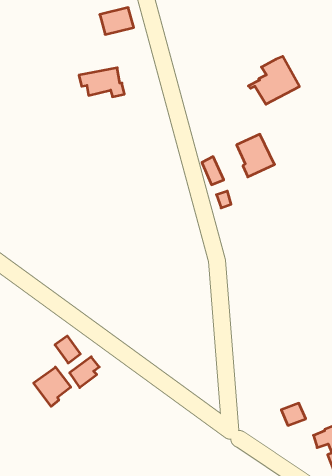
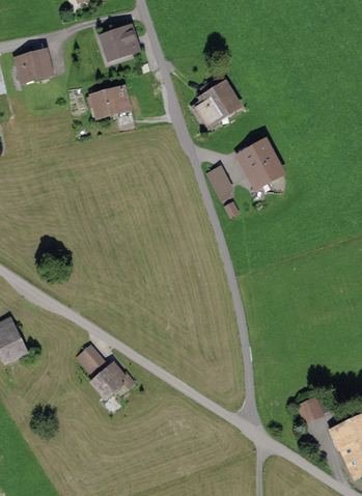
building: none -> [17,47,51,80]
building: [248,56,299,104] -> [191,78,240,125]
building: [34,367,71,406] -> none

